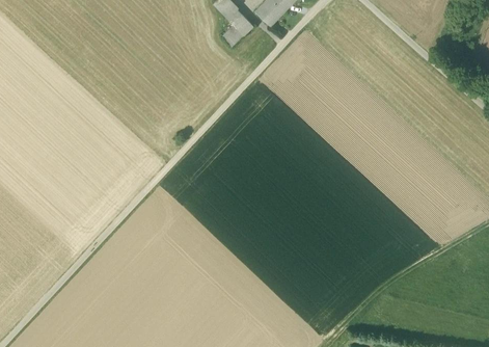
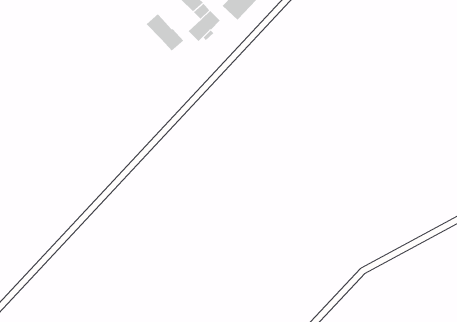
building: none -> [146,13,184,52]

